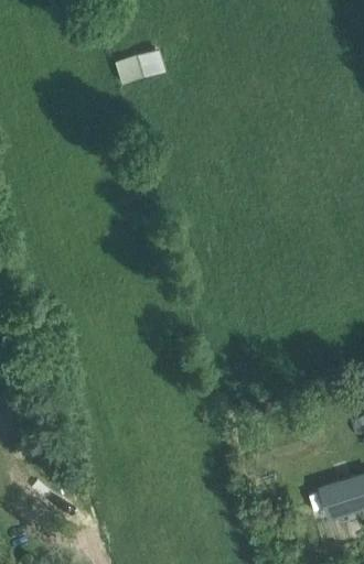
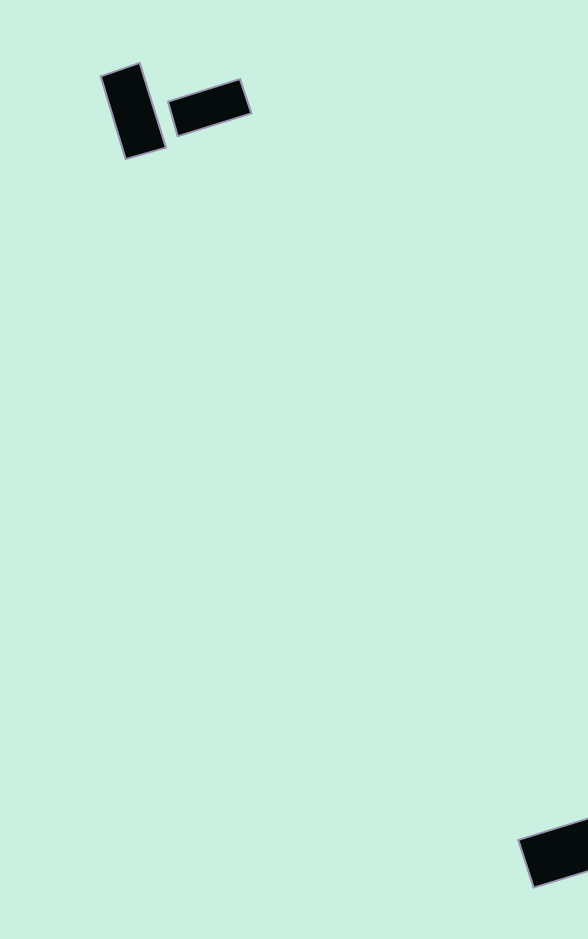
building: none -> [101,63,166,159]

